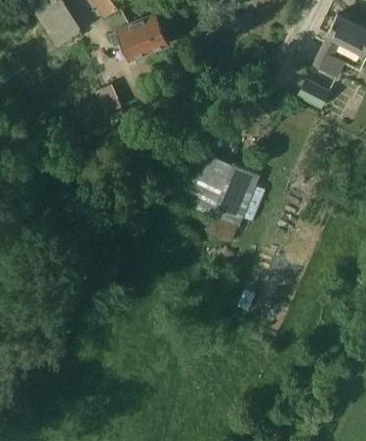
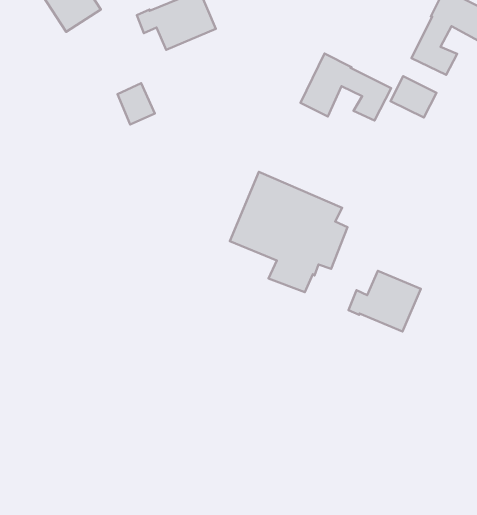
building: none -> [301,54,391,121]
building: none -> [349,271,421,332]

